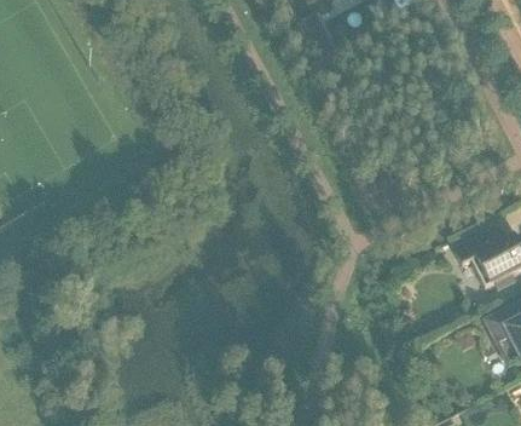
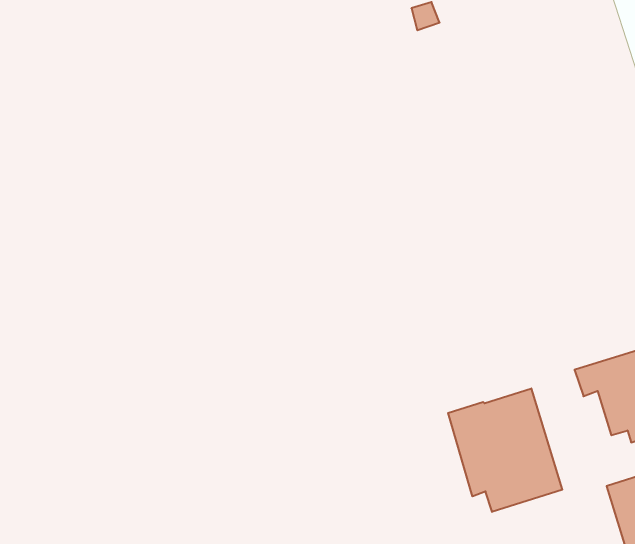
building: none -> [448,388,562,512]

